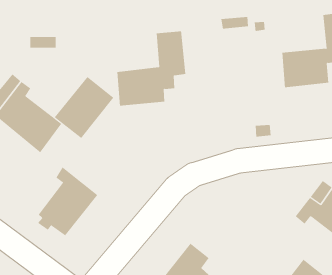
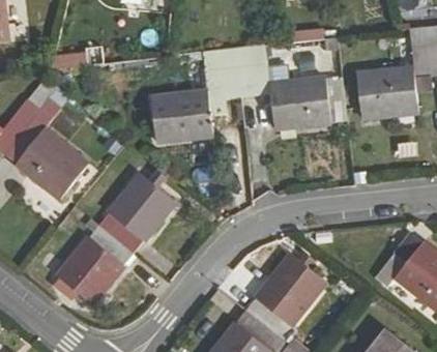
building: none -> [236,45,329,128]
building: [54,76,114,139] -> [98,173,173,251]
building: none -> [246,252,325,343]

